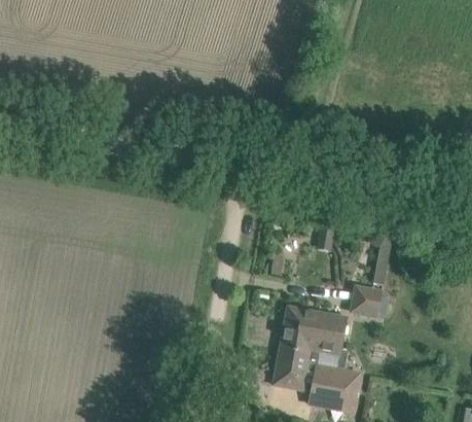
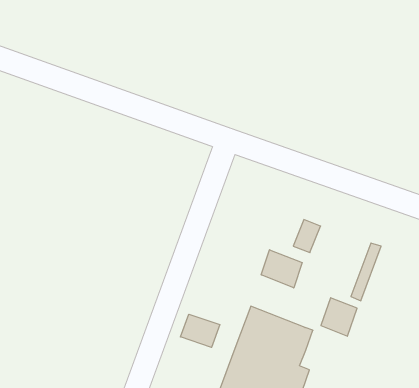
building: none -> [261,250,302,288]
building: none -> [180,314,220,347]

